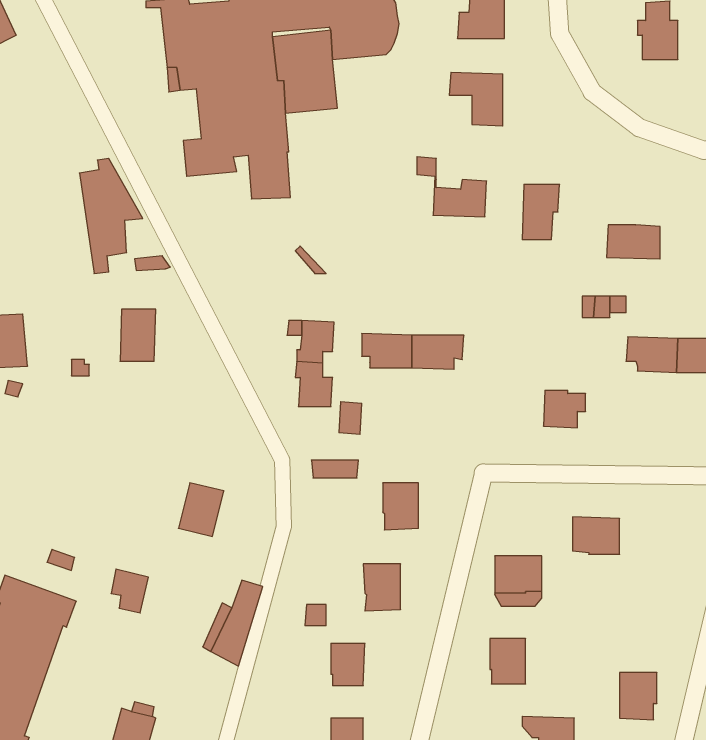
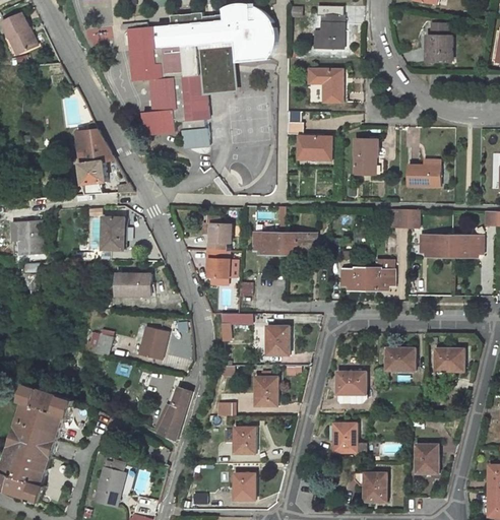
building: none -> [342,267,368,290]
building: none -> [116,274,150,296]
building: none -> [434,348,463,371]
building: [111,569,148,613] -> [91,328,115,355]

